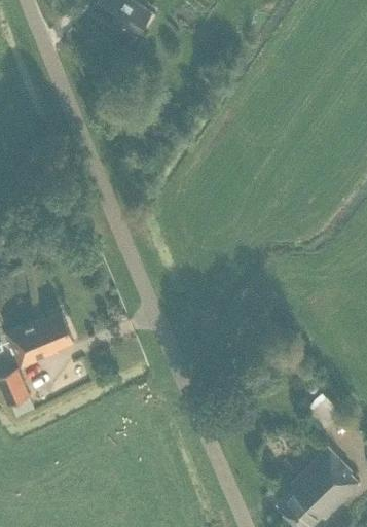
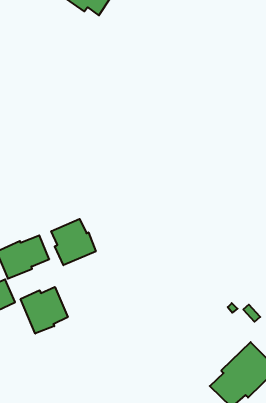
building: none -> [51,219,96,265]
building: none -> [21,287,68,334]

